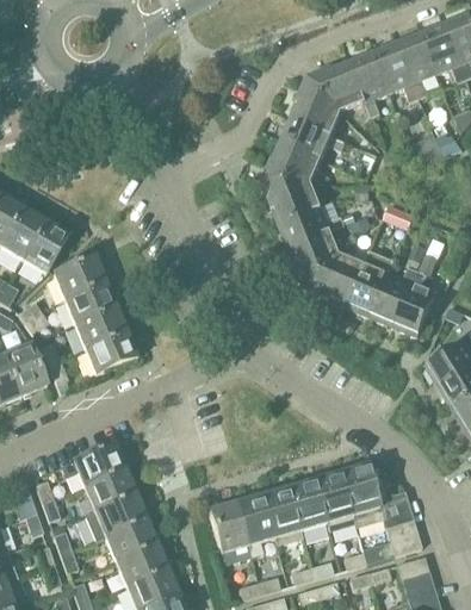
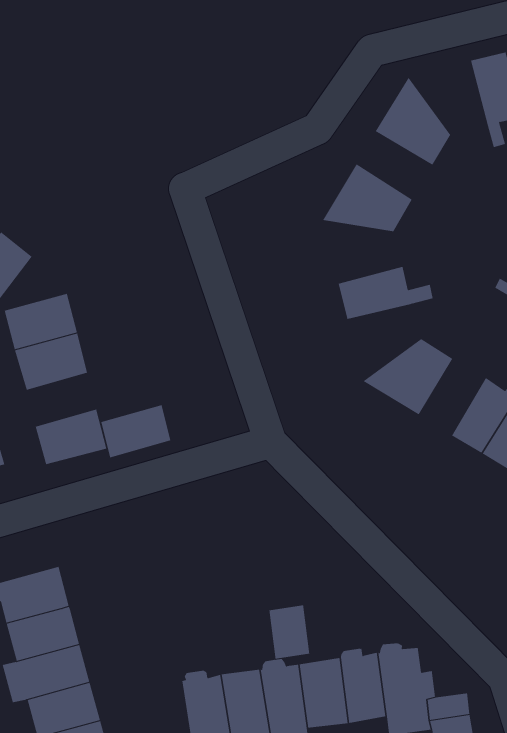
building: [308,58,366,111] -> none
building: [280,116,347,158] -> none
building: [262,181,322,223] -> none
building: [289,230,341,287] -> none
building: [347,249,393,316] -> none
building: [76,307,126,349] -> [100,404,171,458]
building: none -> [269,604,310,659]

